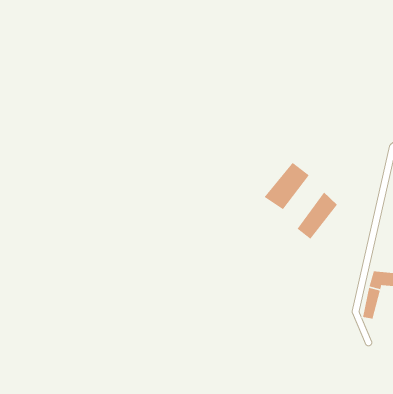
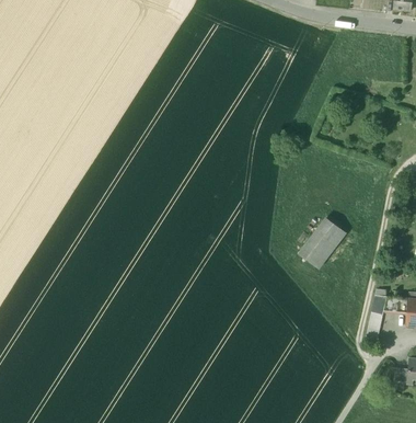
building: [264,162,310,210] -> none

